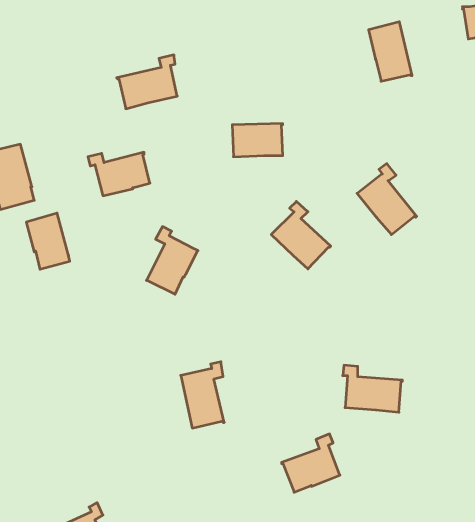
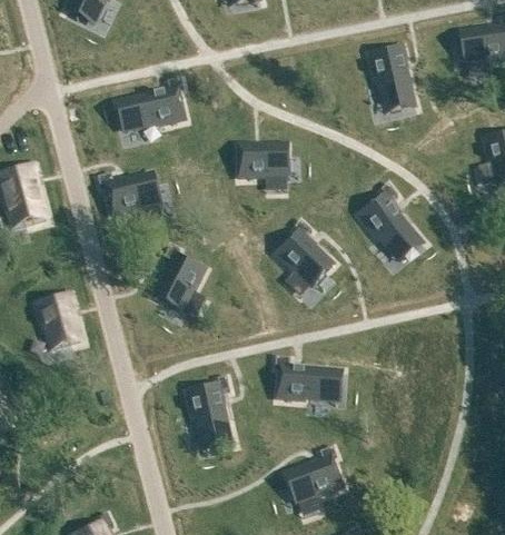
building: [26,213,70,269] -> [38,296,80,350]
building: [343,365,402,412] -> [275,358,333,404]

